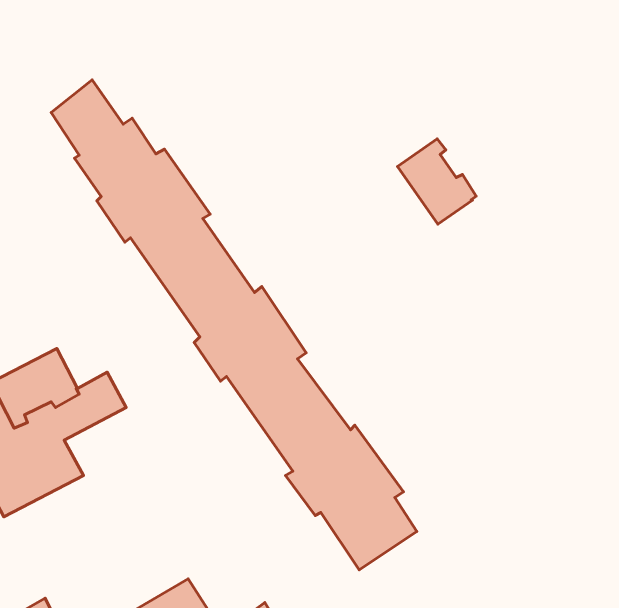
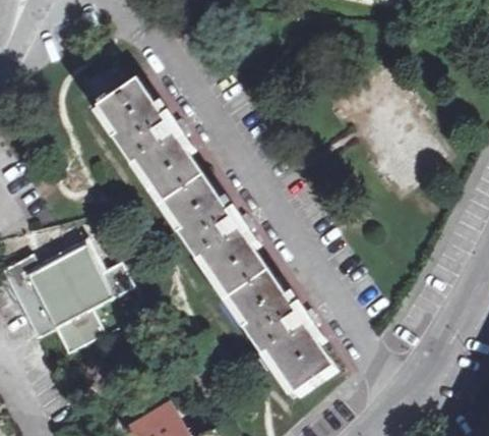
building: [398,139,476,224] -> none

